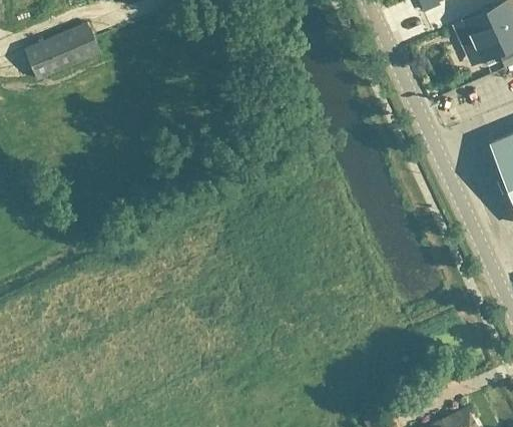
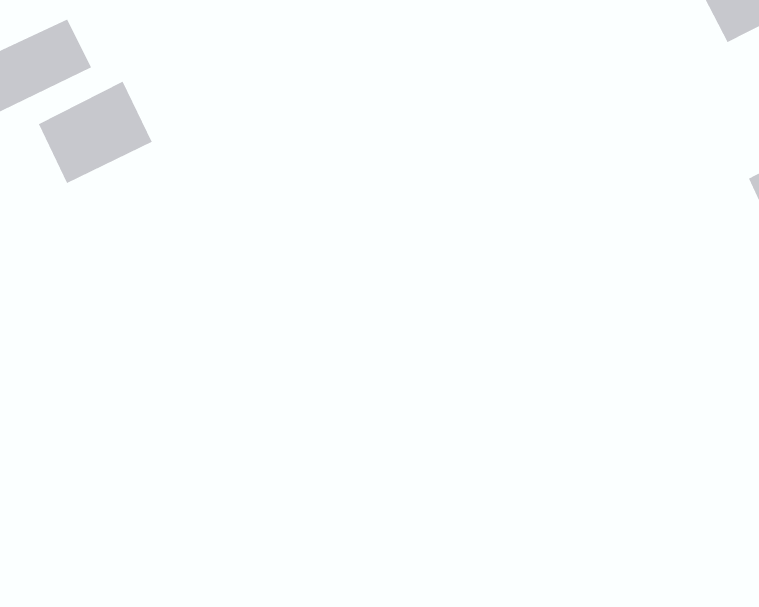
building: none -> [38,81,153,184]

